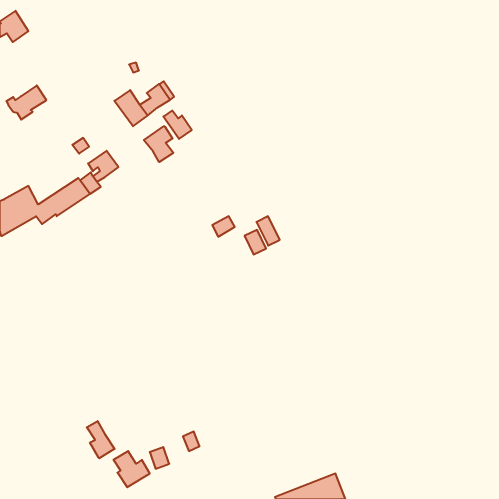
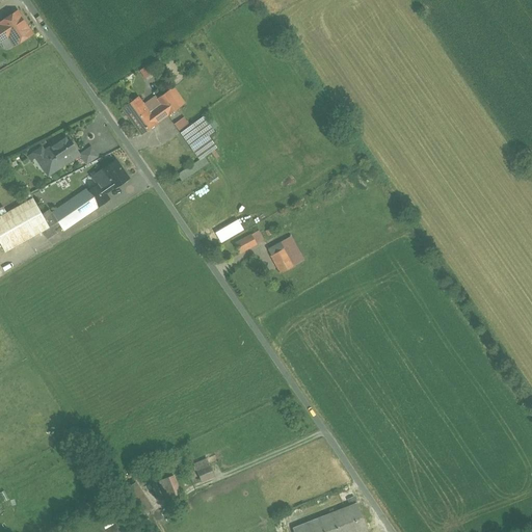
building: [6,85,46,120] -> [32,136,75,172]
building: [144,126,173,162] -> none
building: [87,421,115,458] -> none

